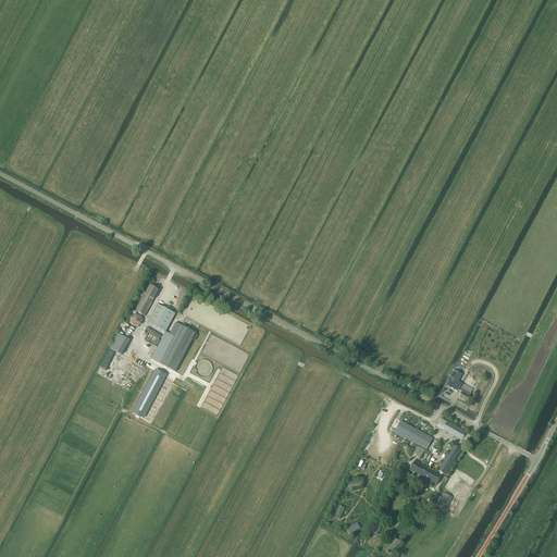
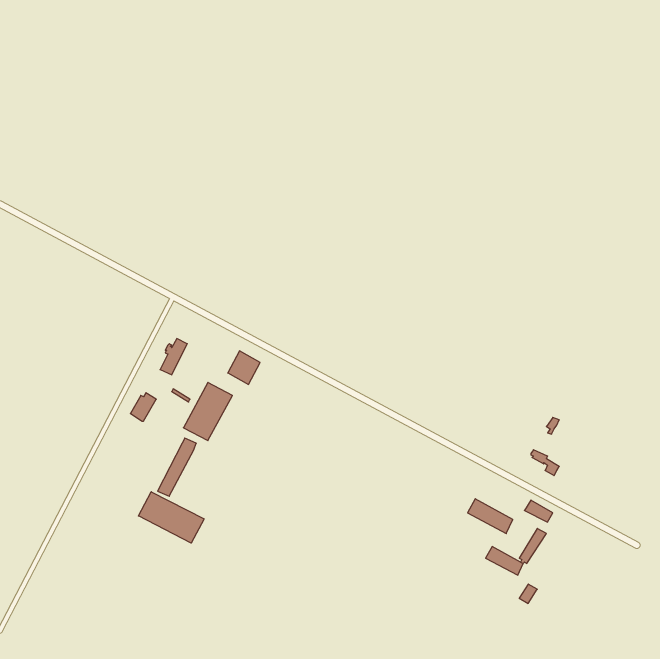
building: [148,304,175,332] -> [228,351,260,384]
building: none -> [138,492,204,543]

